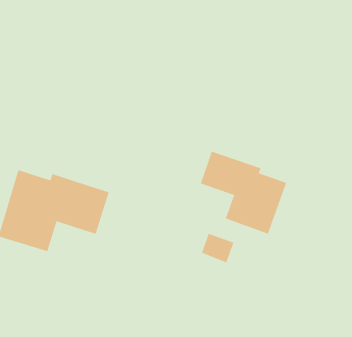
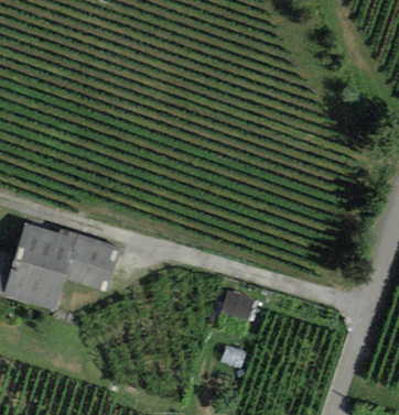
building: [200,151,287,234] -> none

